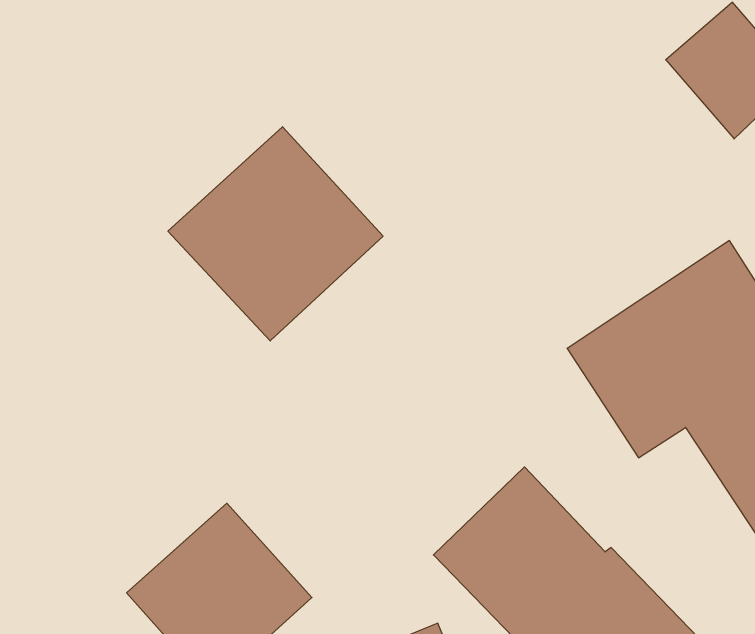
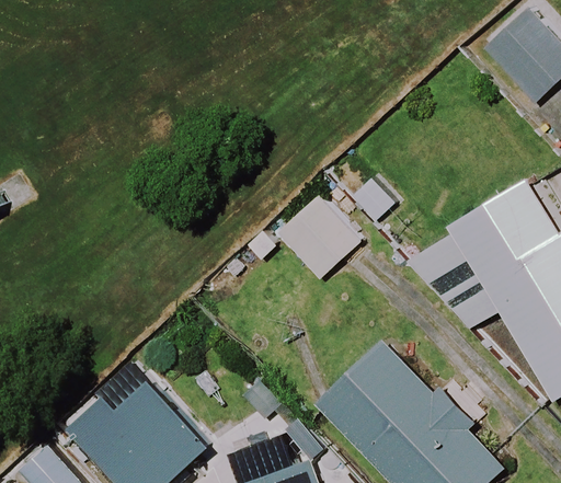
building: [168,127,383,341] -> none
building: none -> [275,193,363,280]

